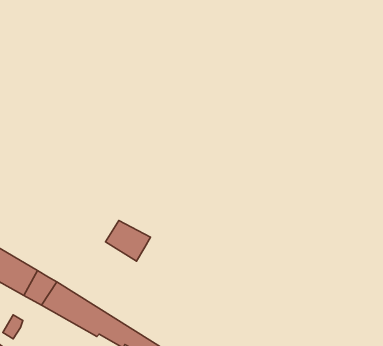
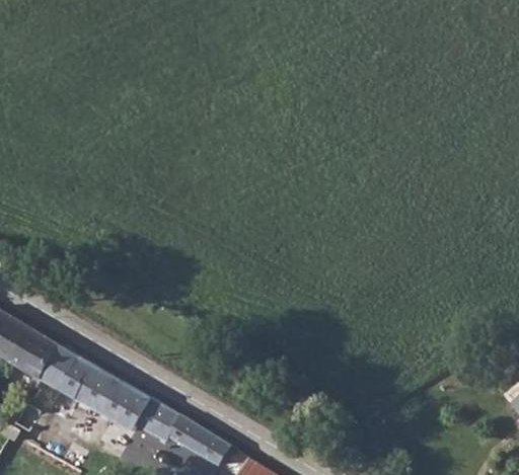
building: [105,220,151,261] -> none

